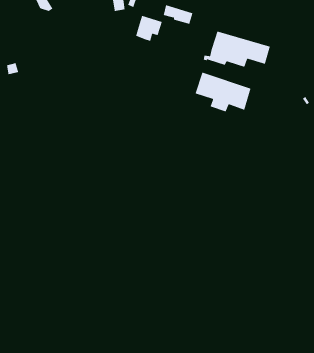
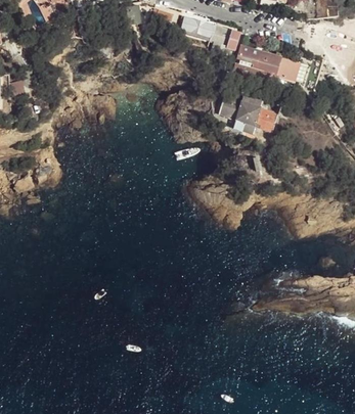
building: [135,15,163,42] -> [209,25,239,54]

